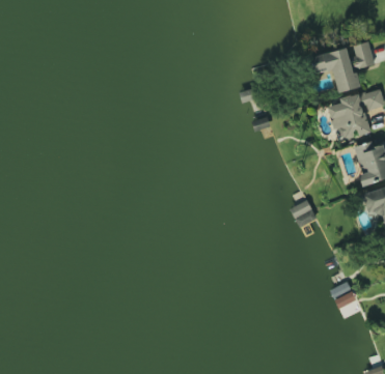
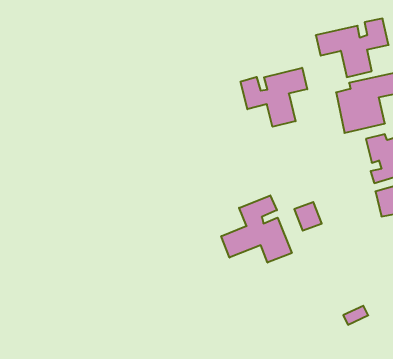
building: none -> [241,68,307,127]
building: none -> [221,195,292,263]

